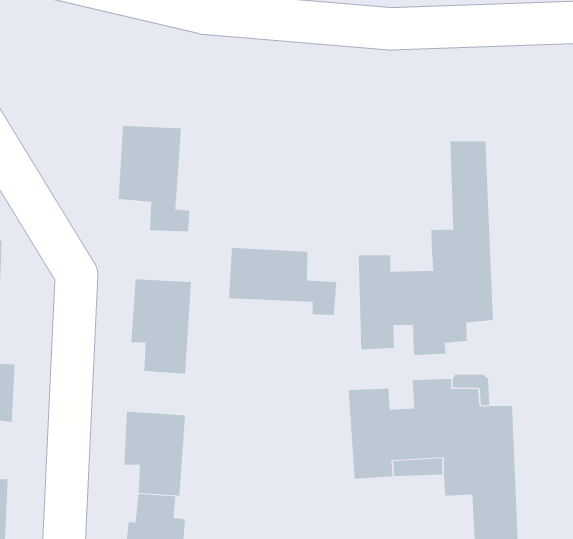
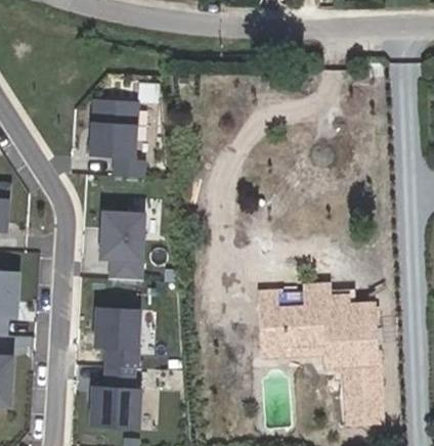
building: [358,140,494,356] -> none
building: [228,247,337,316] -> none

